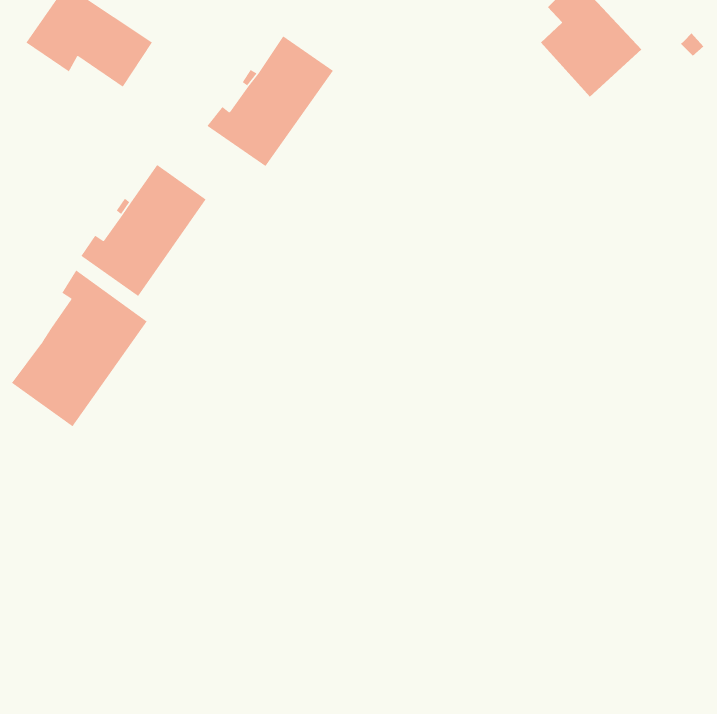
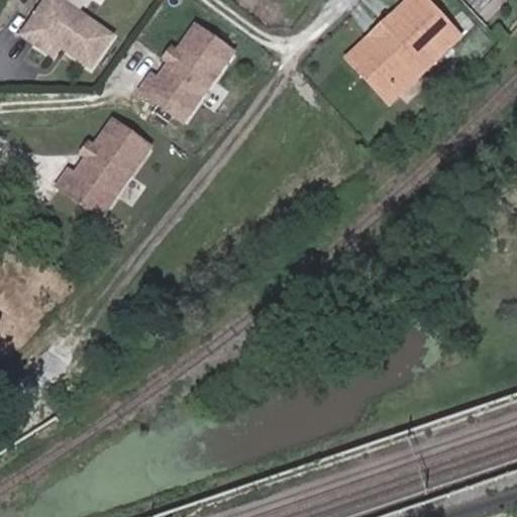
building: none -> [338,30,421,104]
building: [11,270,148,427] -> none

